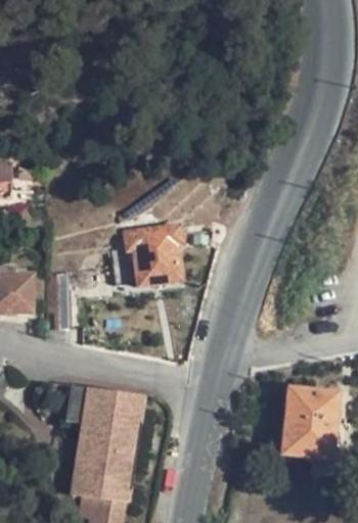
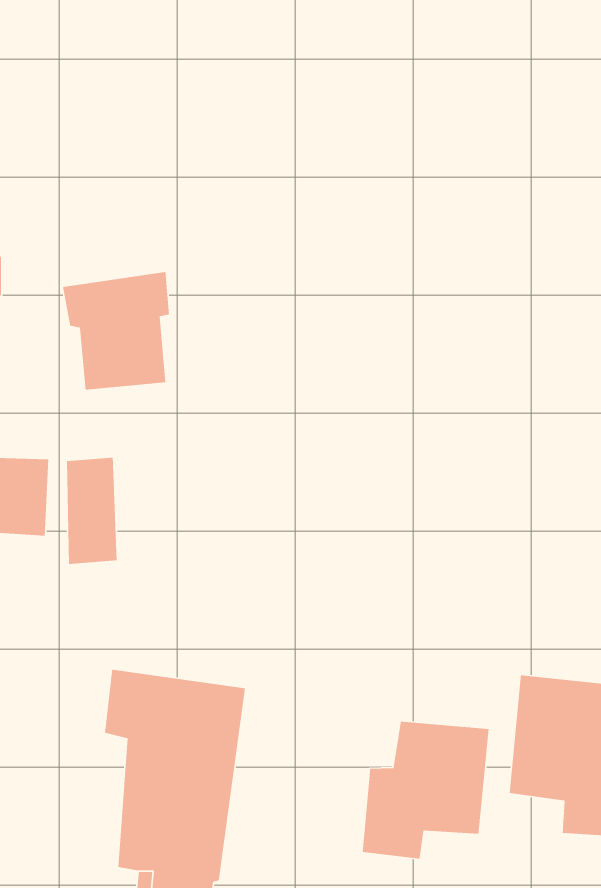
building: [123,222,181,286] -> [62,271,170,391]
building: none -> [362,721,489,860]

